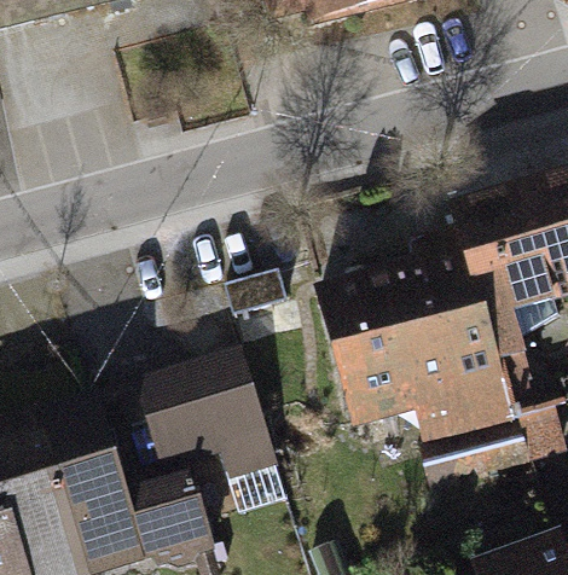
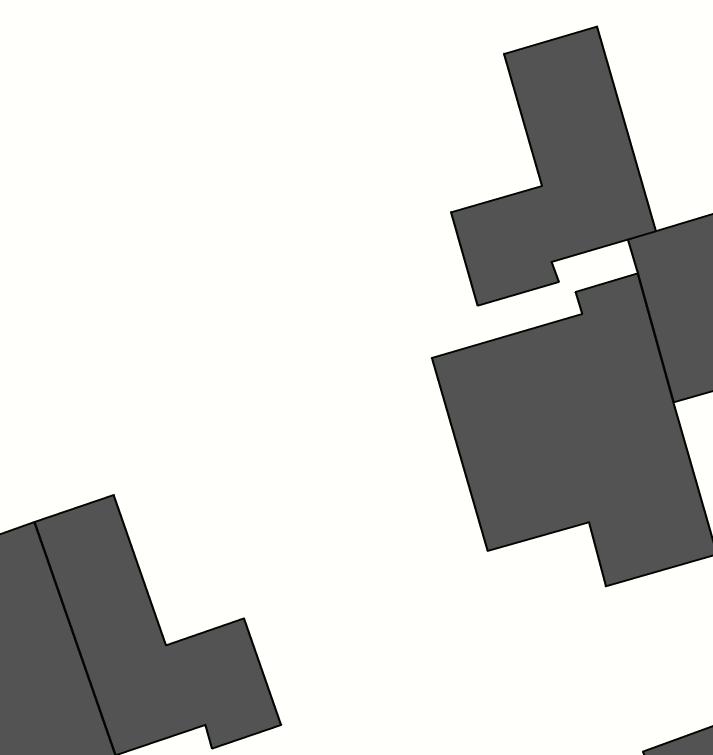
building: none -> [451,26,656,306]
building: [143,347,277,477] -> none

